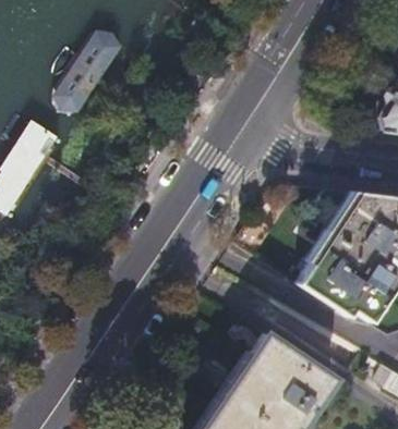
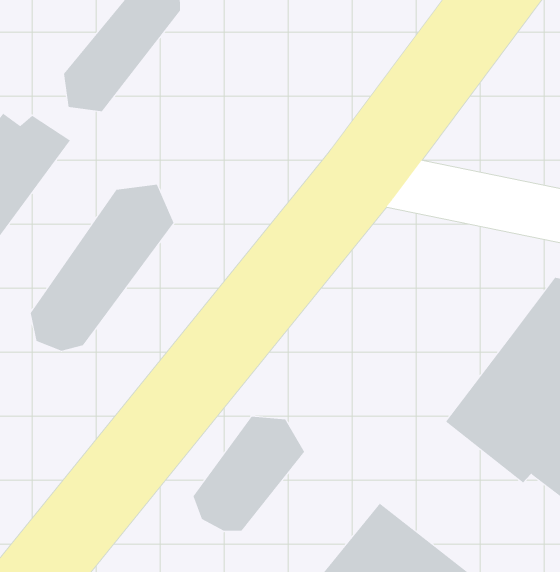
building: none -> [30,184,174,351]
building: none -> [193,416,305,532]

